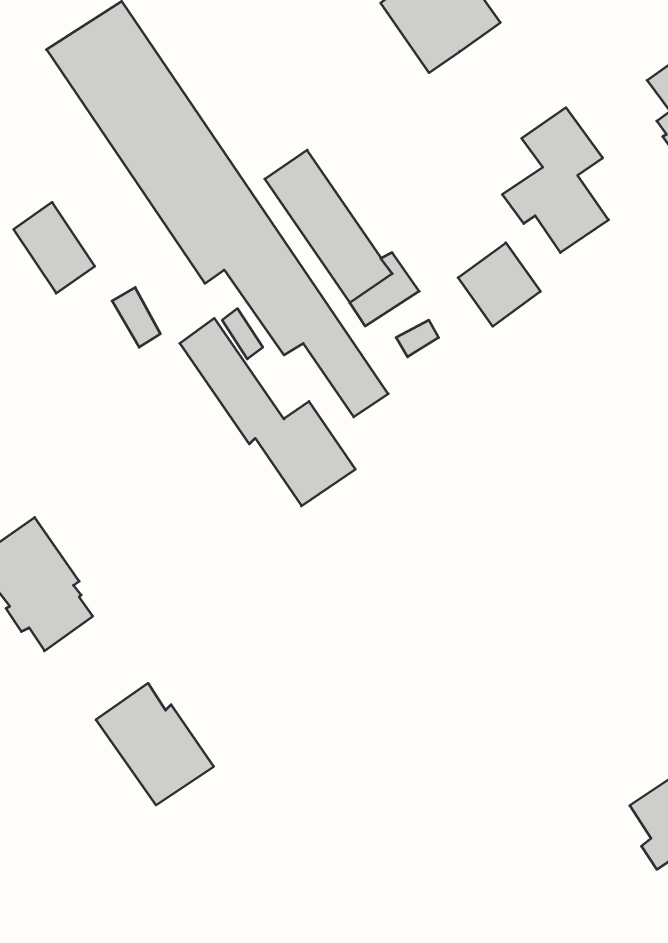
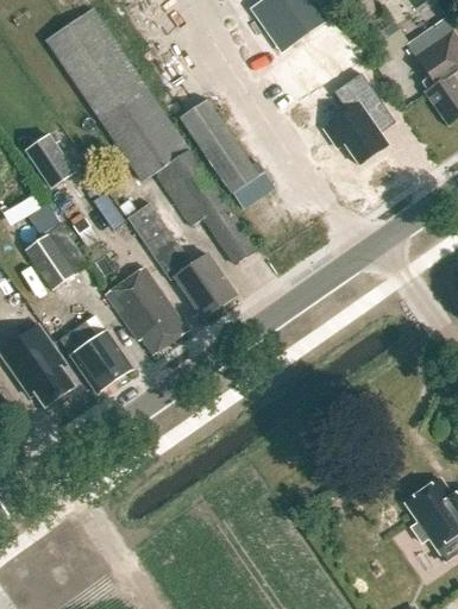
building: [458,243,540,326] -> none
building: none -> [25,200,88,289]
building: none -> [105,266,188,354]
building: [96,683,214,805] -> [59,316,132,391]

